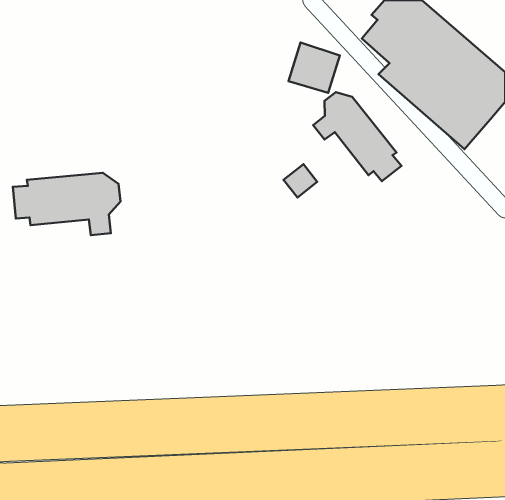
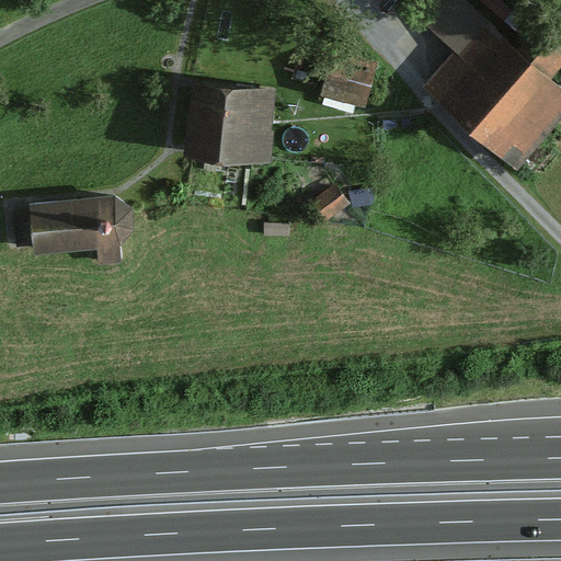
building: none -> [183,83,277,165]
building: [313,92,401,181] -> none

